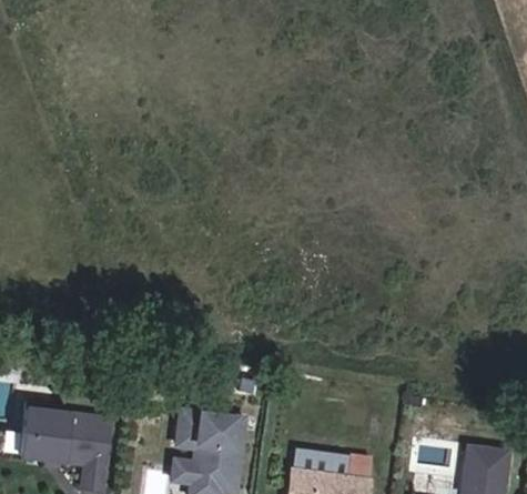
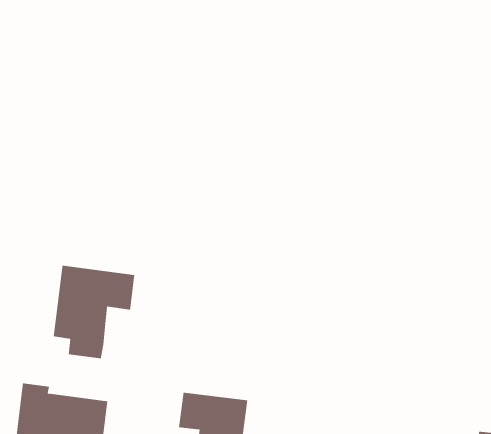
building: none -> [53,265,135,359]

